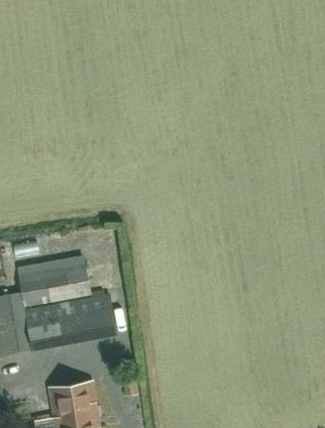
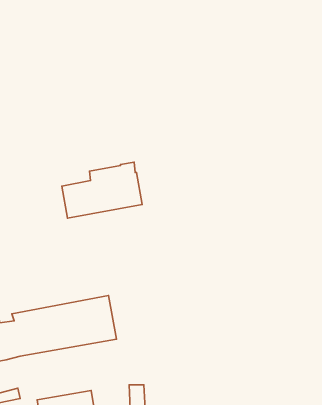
building: [19,254,90,304] -> [62,162,142,218]

